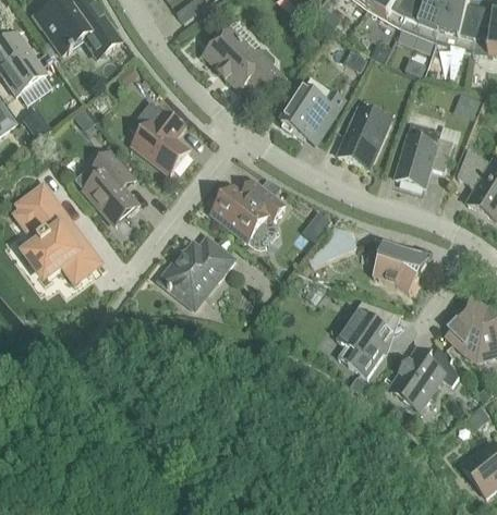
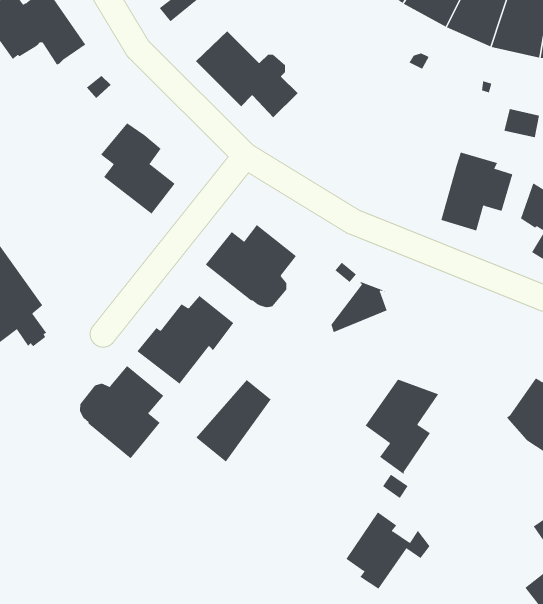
building: [281,87,337,136] -> none
building: [337,107,390,169] -> none
building: [76,151,138,221] -> none
building: [373,240,432,293] -> none
building: none -> [79,365,164,459]
building: none -> [196,379,272,462]
building: [392,347,459,408] -> [345,511,430,590]

